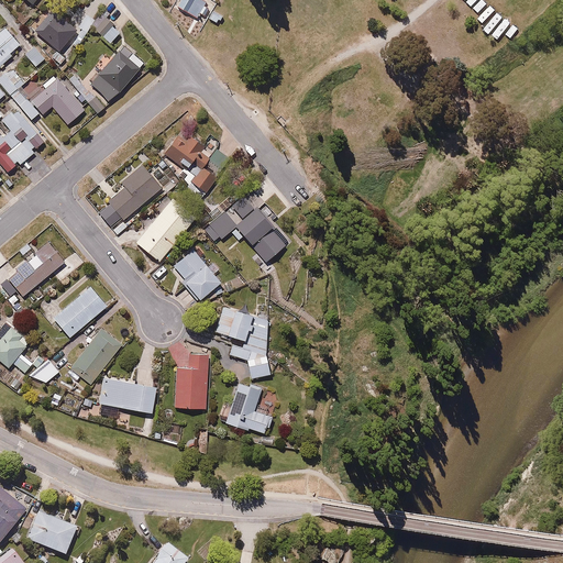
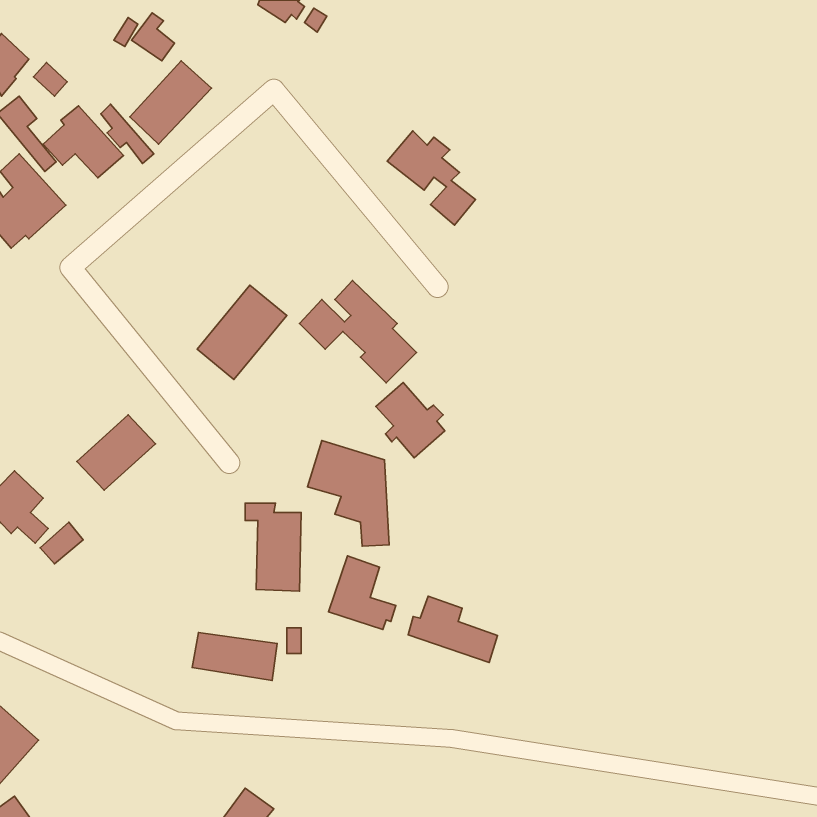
building: [34,7,77,49] -> none
building: [157,132,218,197] -> [387,131,475,225]
building: [98,165,161,234] -> none
building: [5,242,66,298] -> none
building: [173,247,220,299] -> [376,383,445,458]
building: [69,328,119,385] -> none
building: [97,377,155,410] -> [192,632,277,680]
building: none -> [408,596,498,662]
building: [25,511,76,555] -> none

